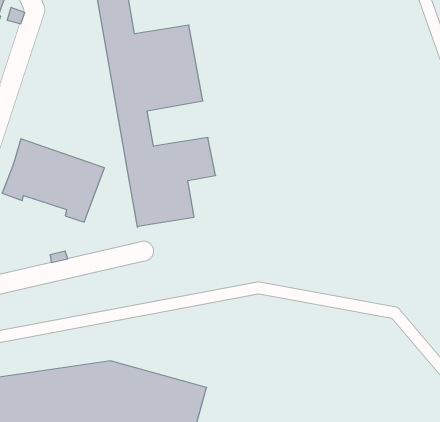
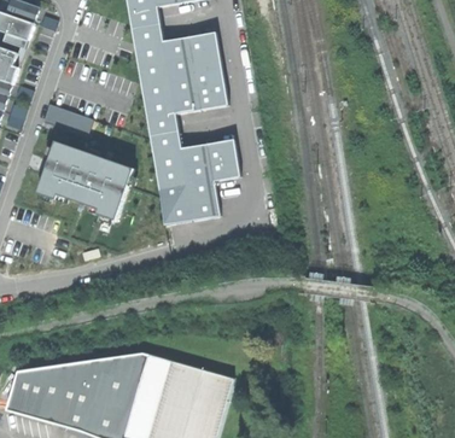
building: none -> [41,103,92,136]

